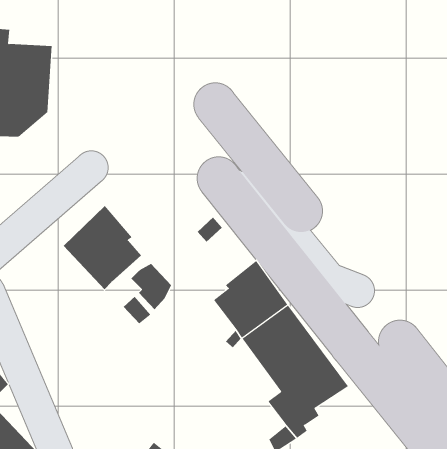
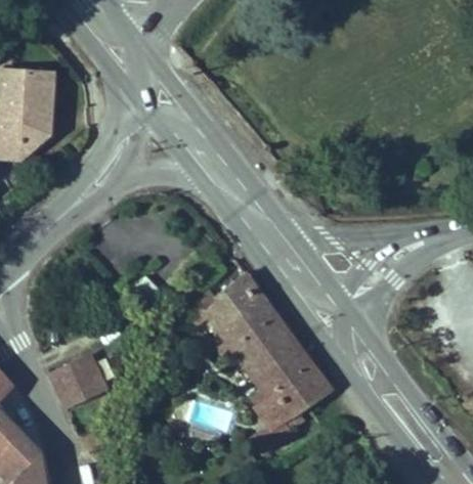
building: [63,205,142,290] -> none
building: none -> [50,355,103,405]

